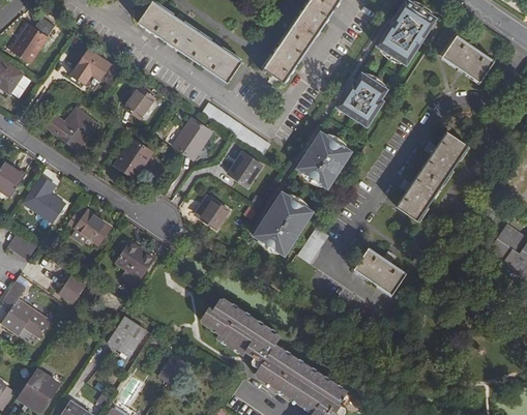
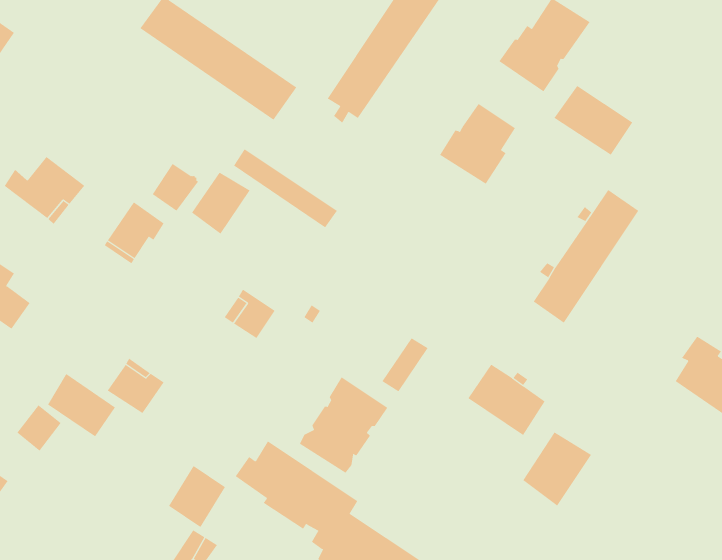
building: [442,35,495,82] -> [554,85,633,155]
building: [70,50,111,91] -> none
building: [124,86,155,118] -> [152,163,199,211]
building: [297,130,352,187] -> none
building: [230,152,261,186] -> none
building: [254,190,313,255] -> [299,377,388,473]
building: [66,205,112,247] -> [47,373,116,437]
building: none -> [522,432,592,507]
building: [108,317,146,358] -> [168,465,226,528]

